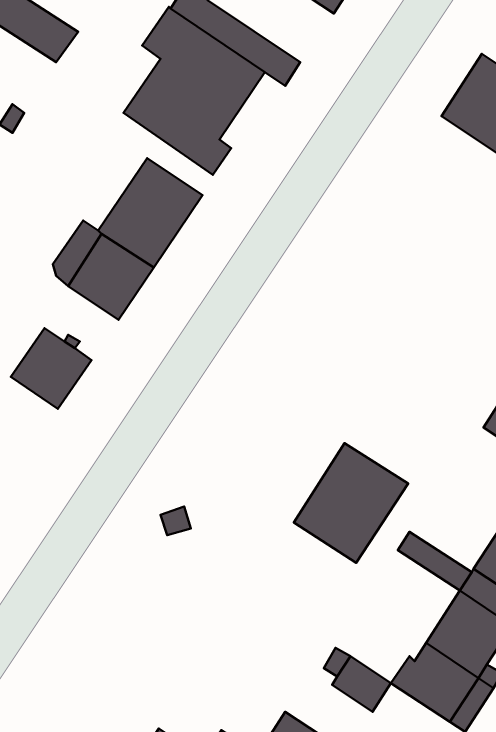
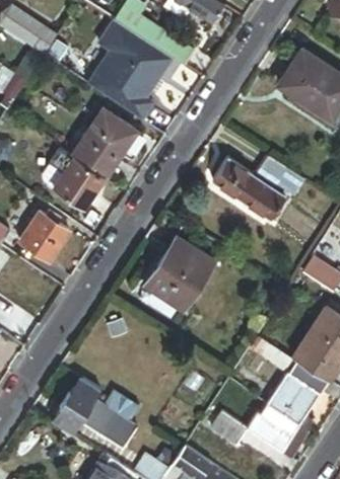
building: none -> [213,155,299,218]
building: [294,443,408,563] -> [146,237,215,309]
building: none -> [52,376,140,449]

